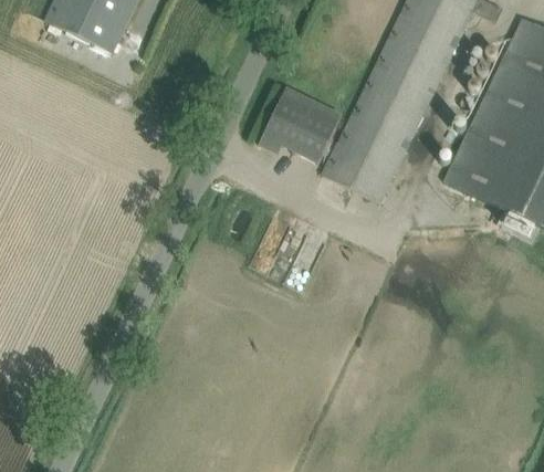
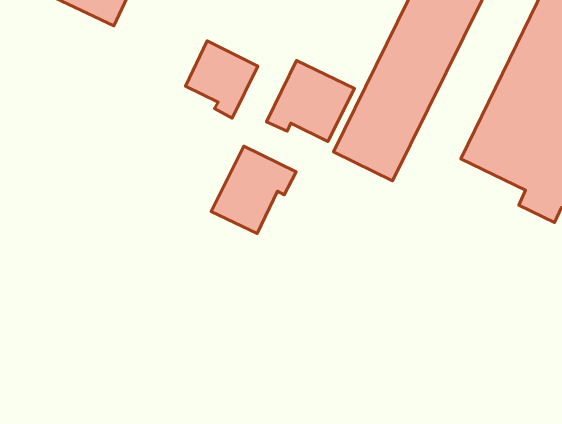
building: none -> [185,41,258,118]
building: none -> [211,146,296,233]

